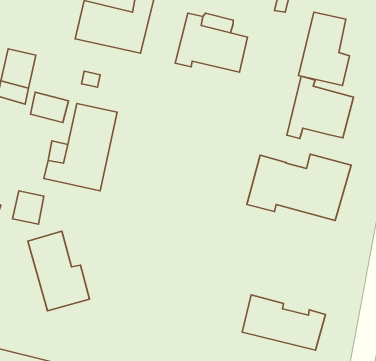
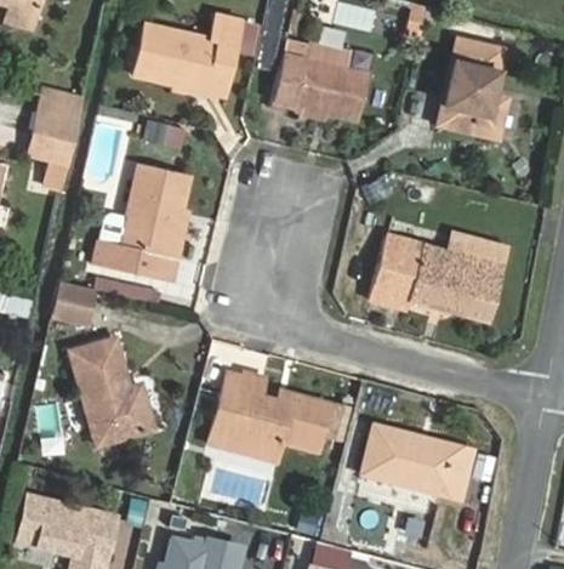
building: [287,76,354,139] -> none
building: [31,92,68,123] -> none
building: none -> [211,372,330,460]

